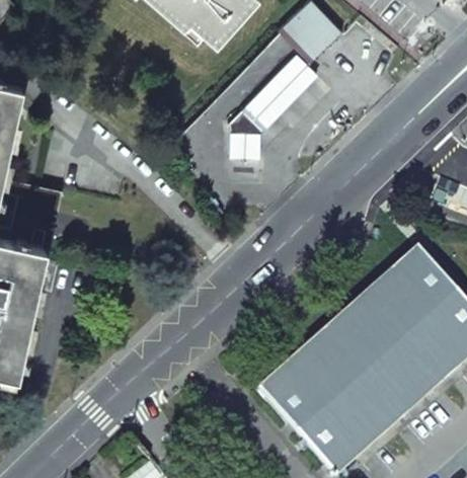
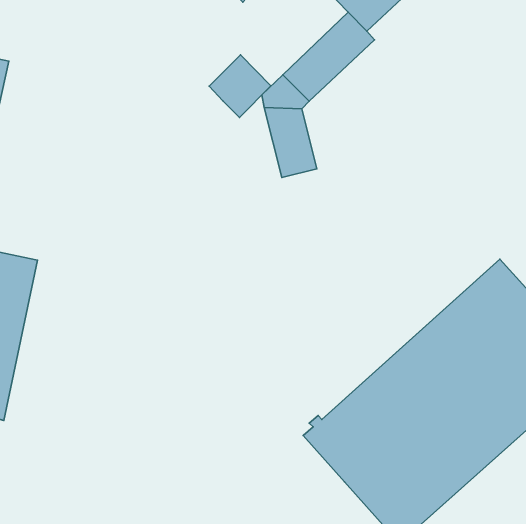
building: none -> [209,55,271,117]

